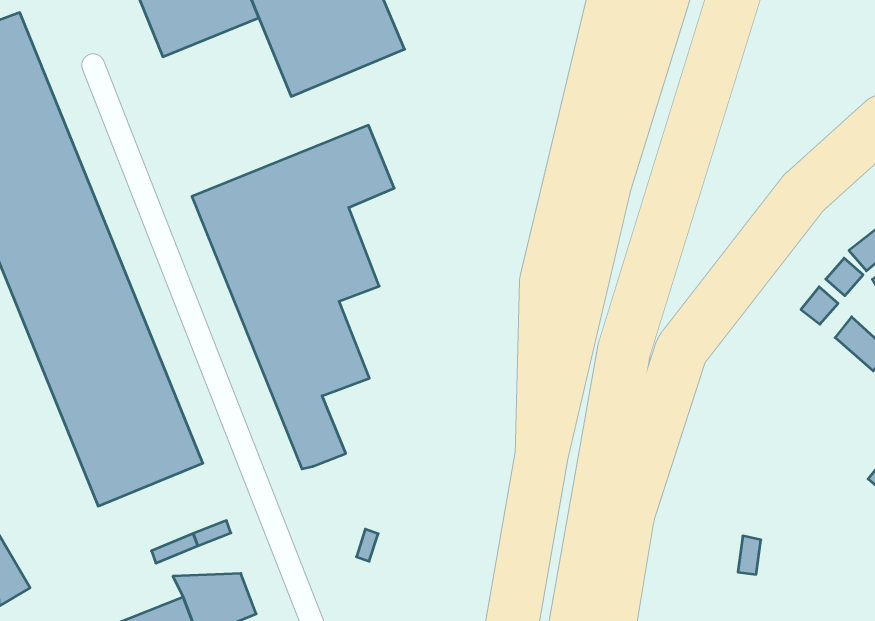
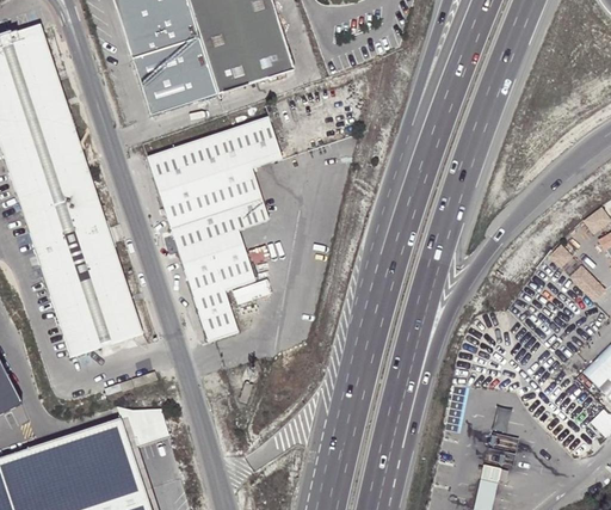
building: none -> [134,39,217,116]

